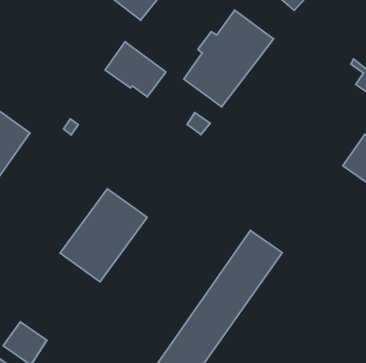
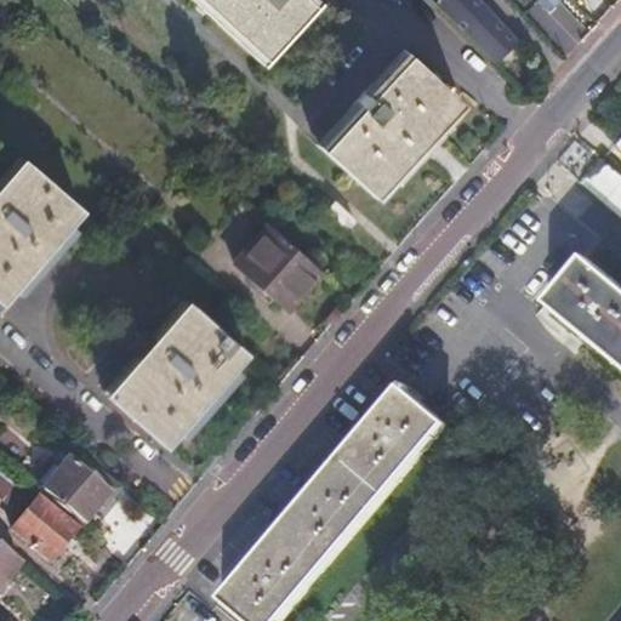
building: [105,42,166,97] -> [233,222,324,308]
building: none -> [38,458,121,523]

